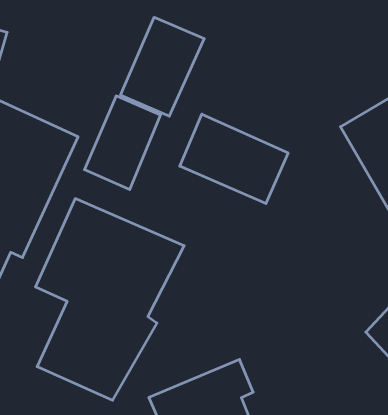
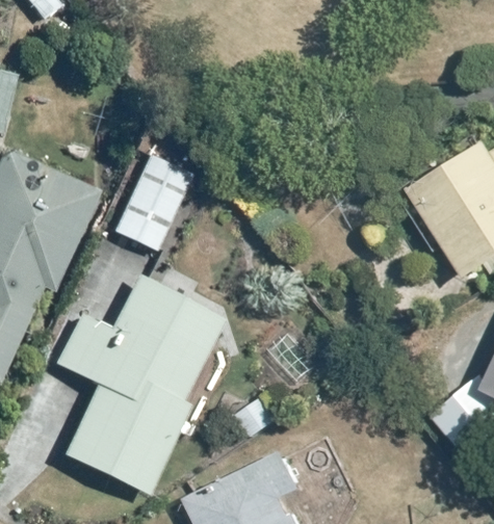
building: [121,17,204,116] -> none
building: [180,114,288,204] -> none

